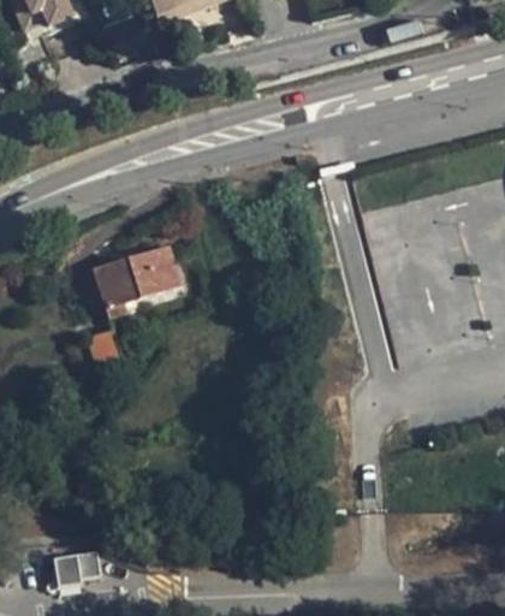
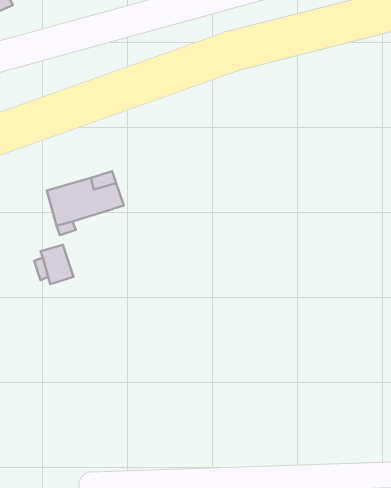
building: [55,550,100,580] -> none

